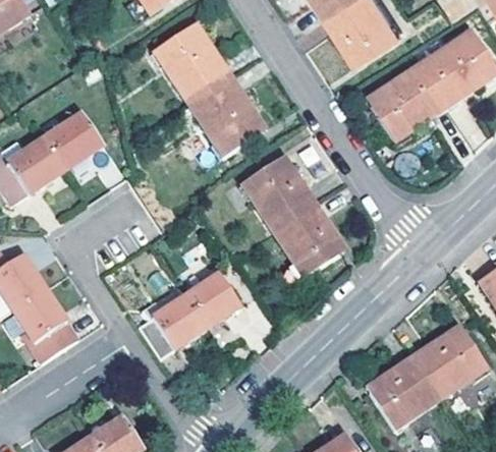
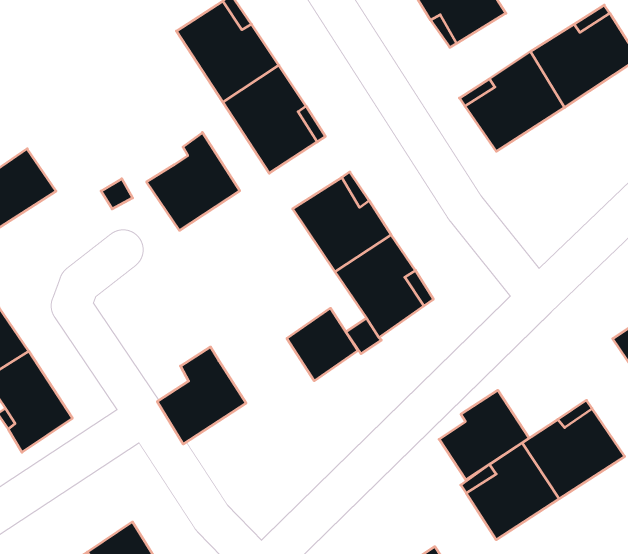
building: [43,113,103,169] -> none
building: none -> [147,132,240,230]
building: [185,273,238,327] -> [287,308,358,381]
building: none -> [439,390,529,480]

